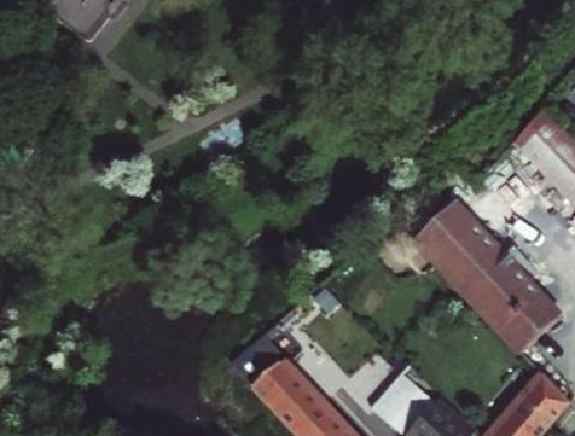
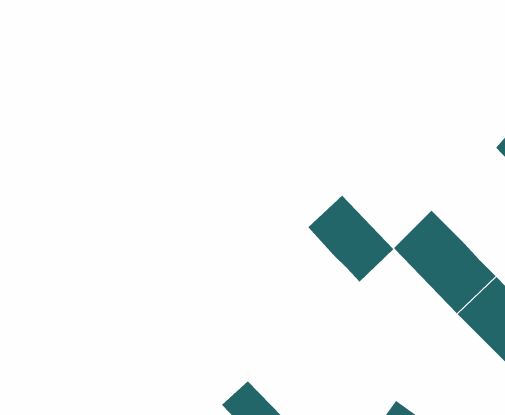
building: none -> [307,195,394,283]

